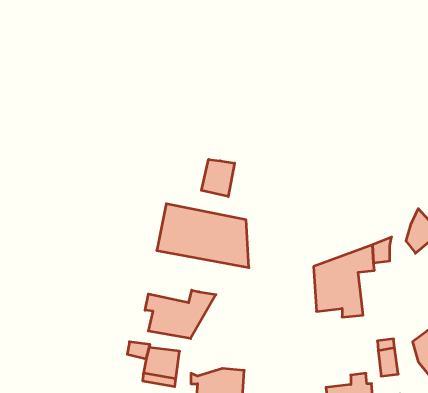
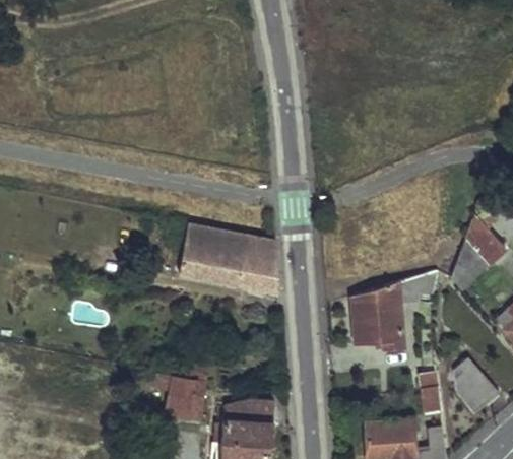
building: [201,159,235,197] -> none
building: [145,290,216,339] -> none

